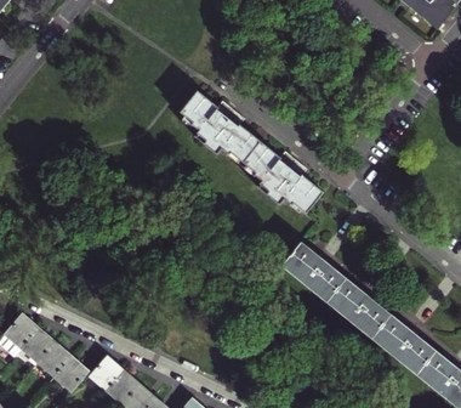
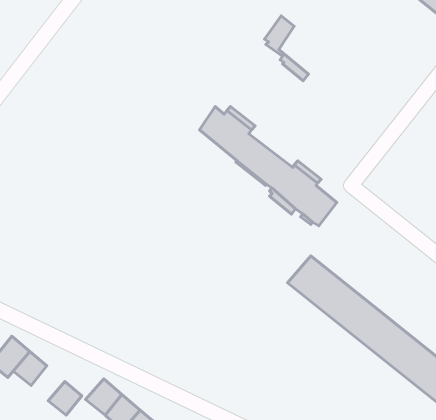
building: [183,92,224,153] -> [264,16,308,81]
building: [39,345,70,378] -> none

